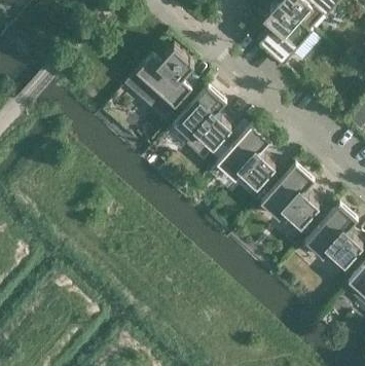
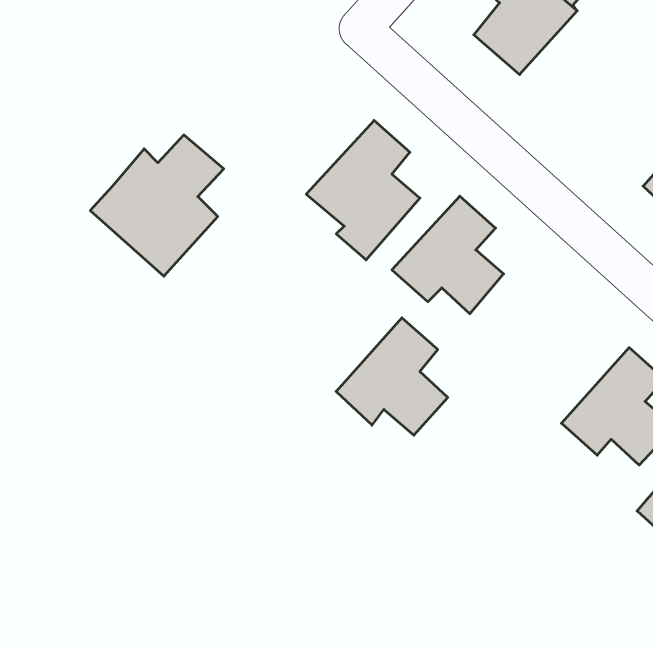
building: [125,45,194,118] -> [90,135,224,276]
building: [261,163,319,224] -> [336,318,448,435]

